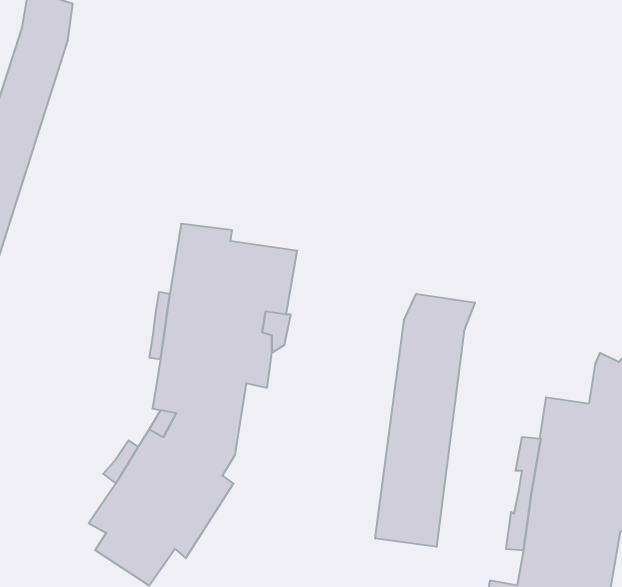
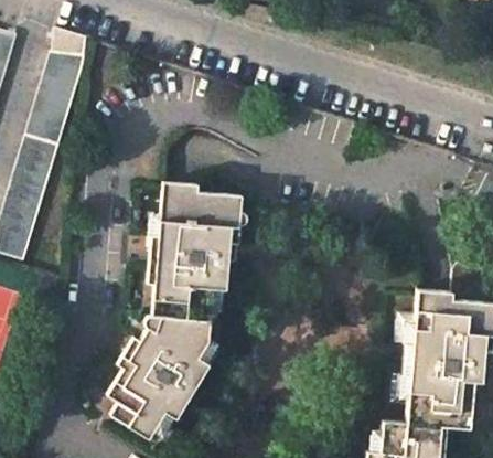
building: [375,294,475,547] -> none

